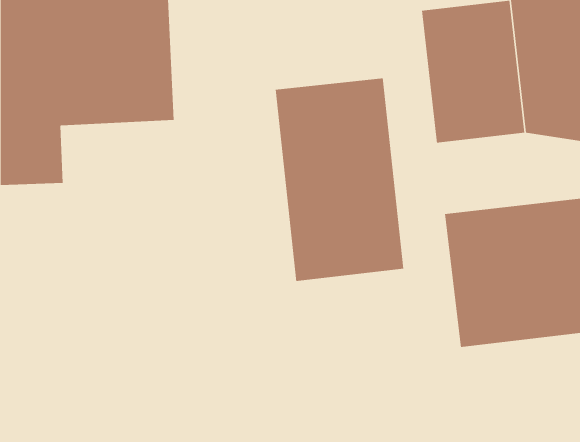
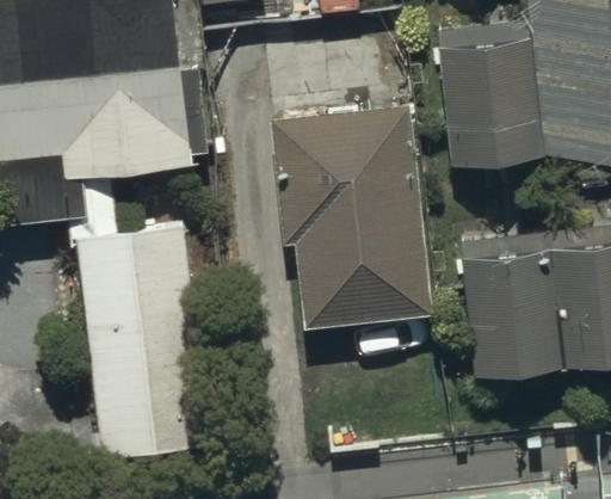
building: none -> [79,226,199,448]

